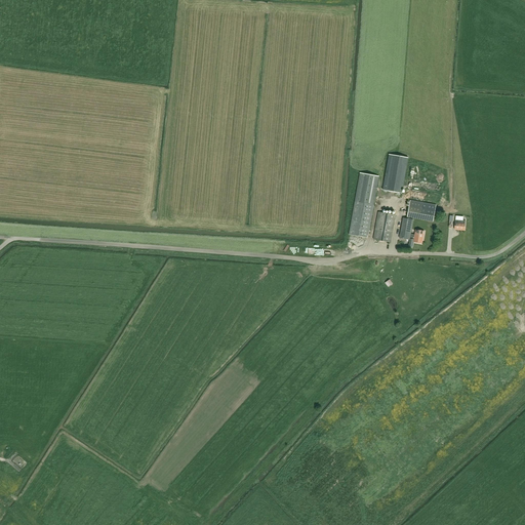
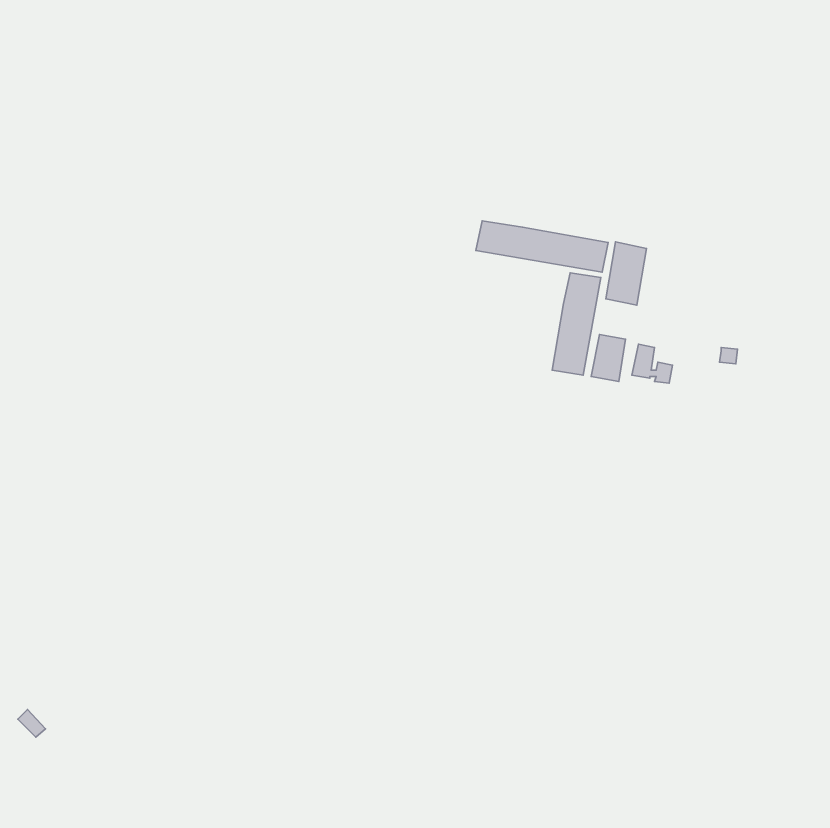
building: none -> [476,221,608,272]
building: [407,199,436,220] -> none

